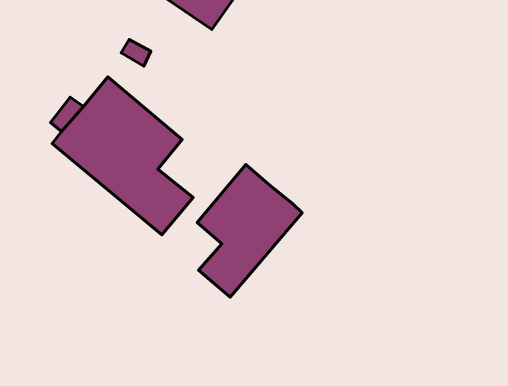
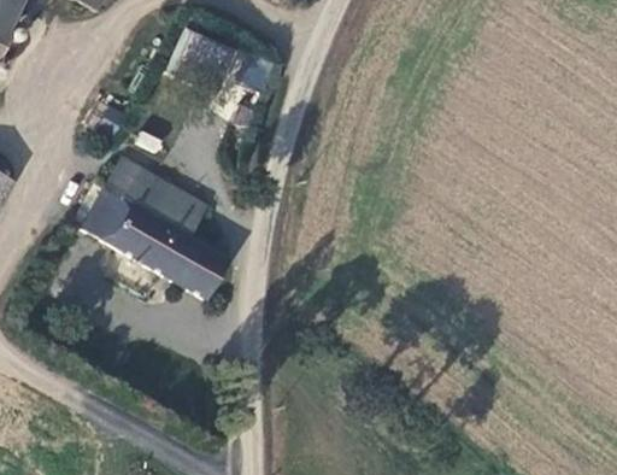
building: [197,165,302,297] -> none

